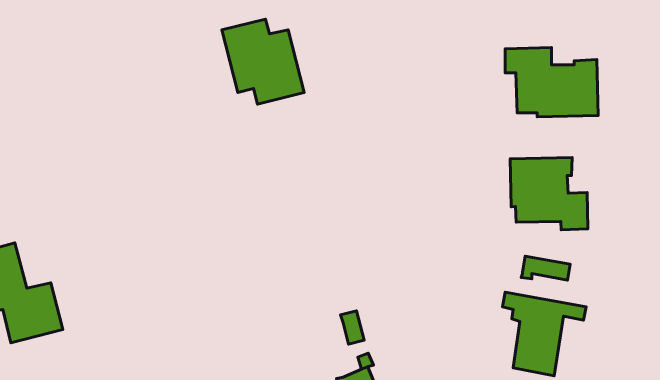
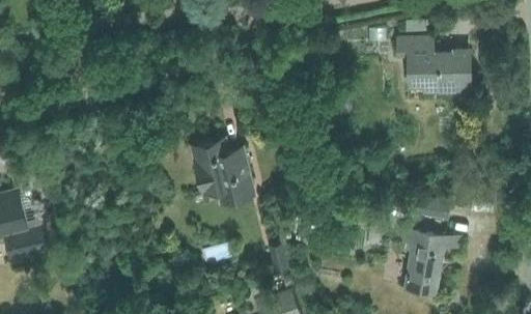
building: [222,19,304,104] -> [192,138,256,204]
building: [510,158,588,230] -> none

